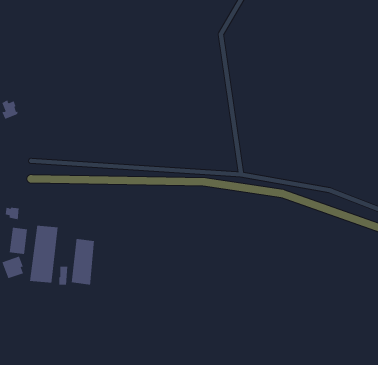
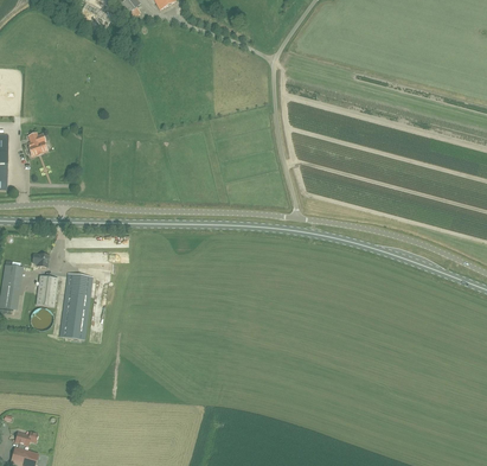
building: [71,238,95,285] -> none

